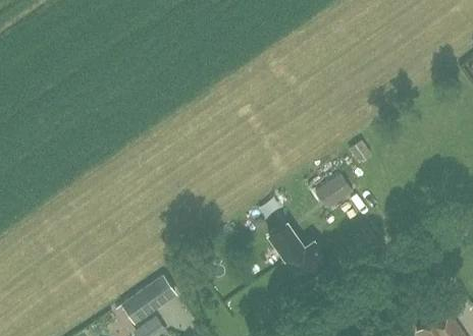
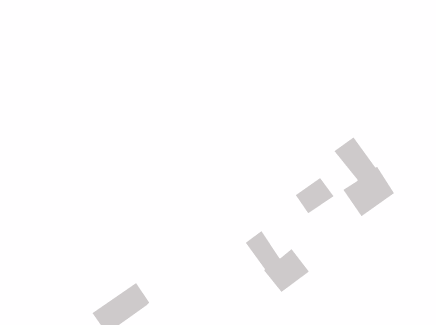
building: none -> [333,137,395,217]

